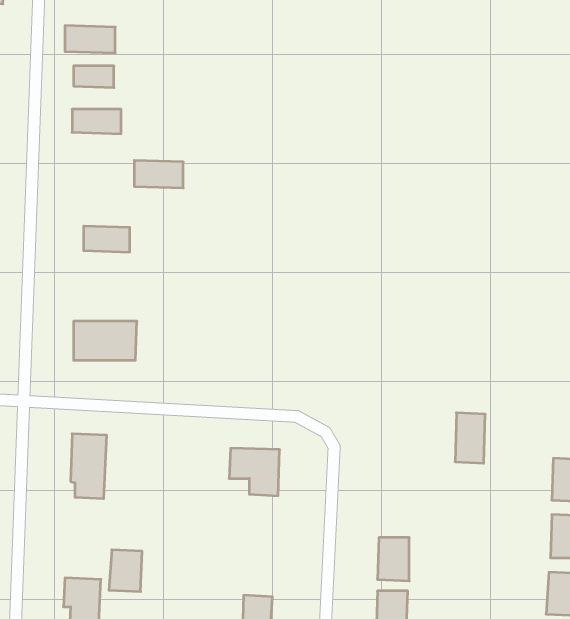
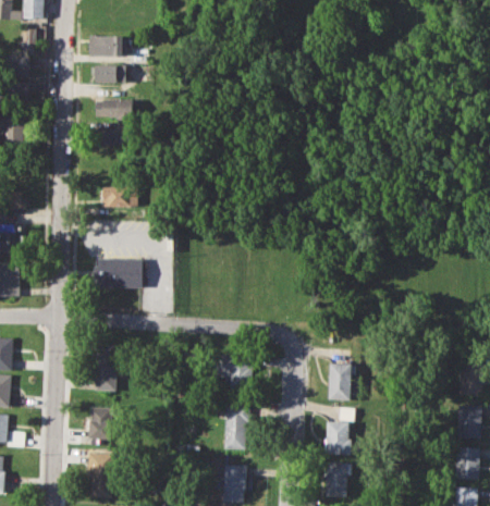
building: [134,160,183,188] -> [95,127,132,148]
building: [455,413,485,463] -> [327,363,350,402]
building: none -> [223,404,250,451]
building: [109,550,142,592] -> [89,407,114,439]

